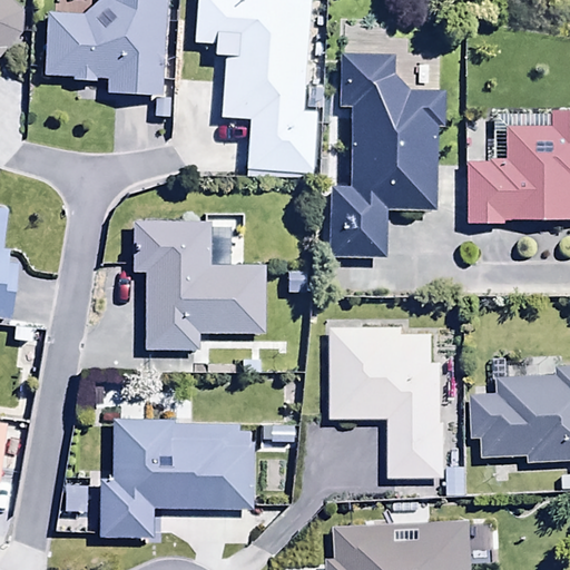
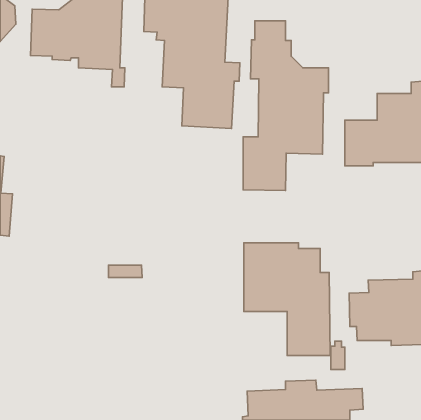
building: [134,219,267,350] -> none
building: [99,419,253,535] -> none

